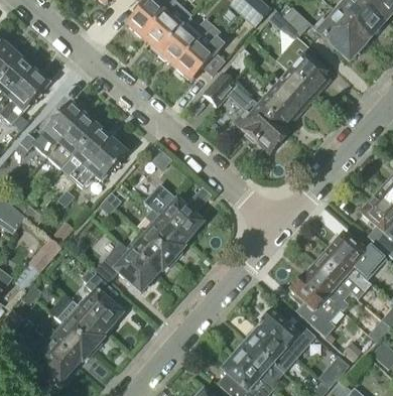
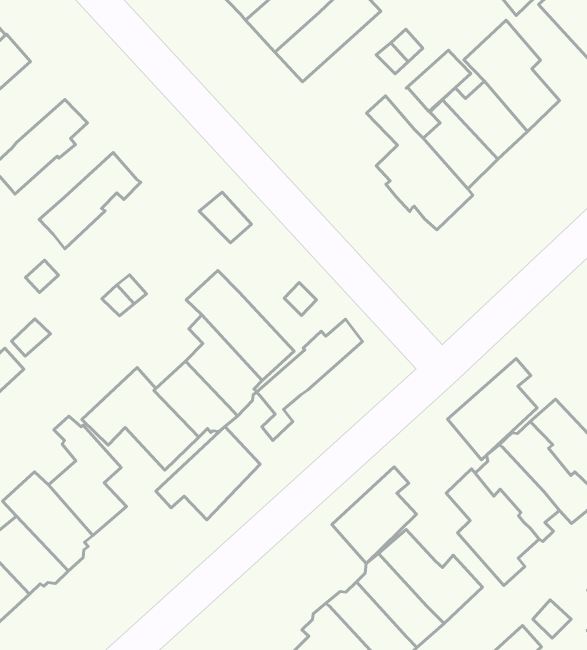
building: [204,73,237,106] -> [406,50,471,111]
building: [47,114,97,167] -> none
building: [77,142,126,186] -> none
building: none -> [256,319,362,440]
building: none -> [448,359,537,460]
building: none -> [156,427,260,520]
building: none -> [332,467,416,564]

